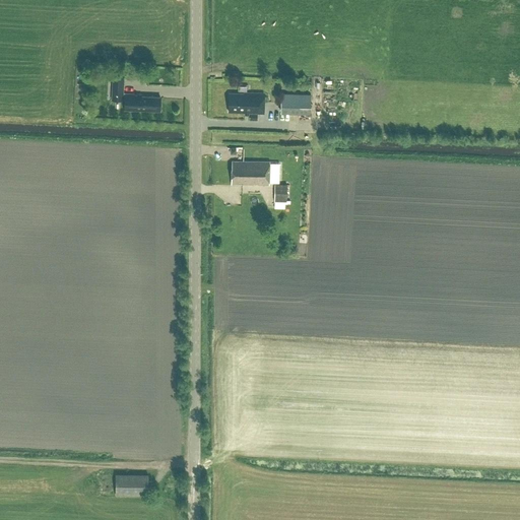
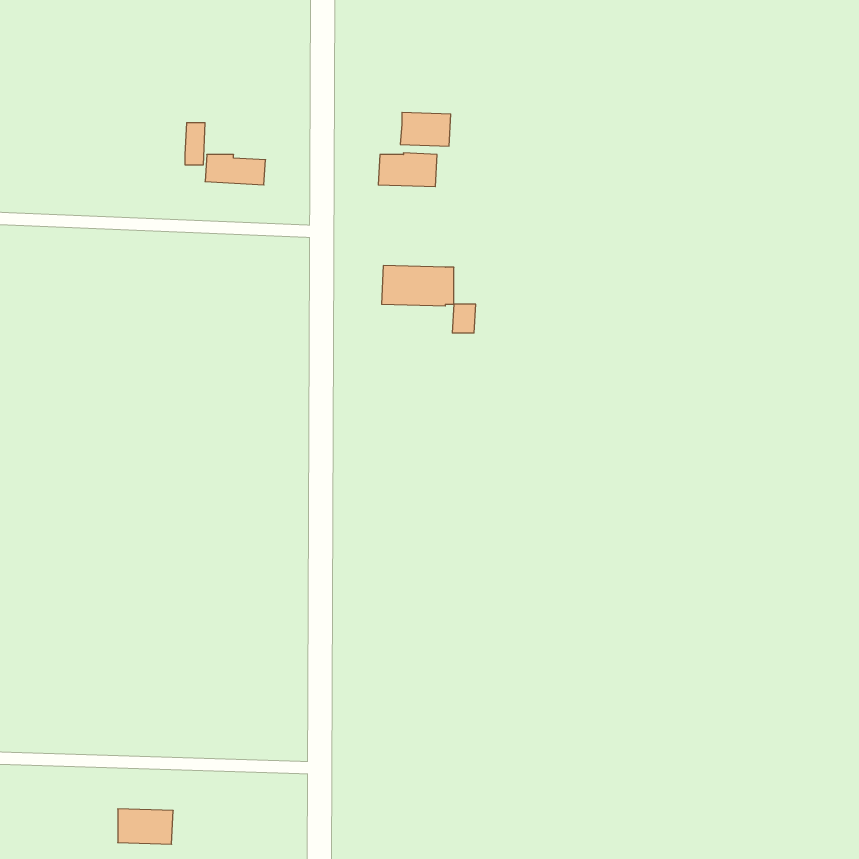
building: [280,93,311,114] -> [400,112,451,146]
building: [115,473,148,495] -> [118,809,173,844]

